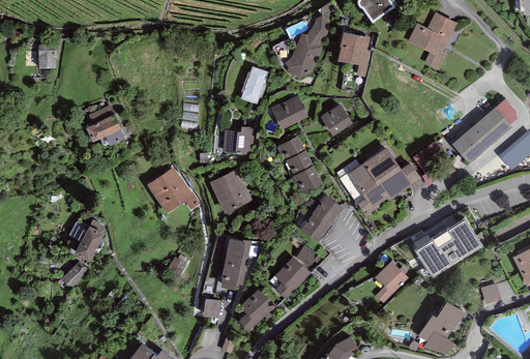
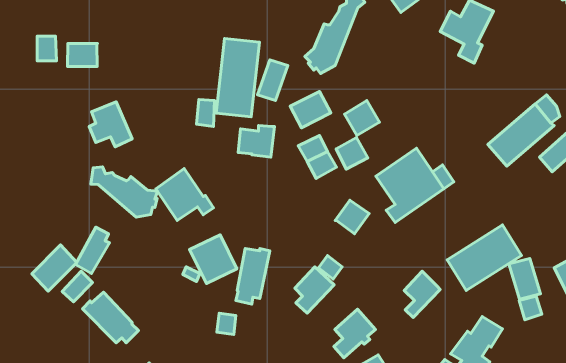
building: [337,32,370,77] -> none
building: none -> [216,38,259,117]
building: none -> [67,43,98,67]
building: none -> [91,167,157,217]
building: [294,164,323,193] -> [336,138,368,169]
building: [209,169,253,213] -> [190,235,237,284]
building: [300,213,329,242] -> none
building: none -> [32,245,77,291]
building: none -> [509,258,540,299]
building: none -> [82,292,139,343]
building: [238,287,276,331] -> [334,309,376,358]

